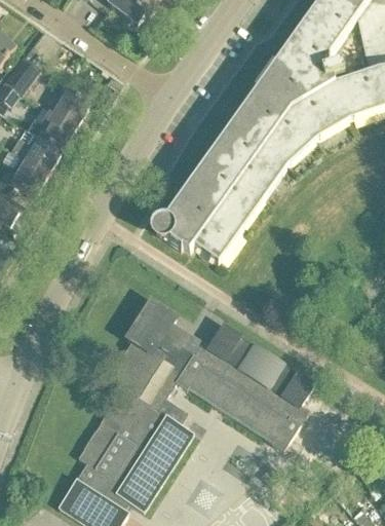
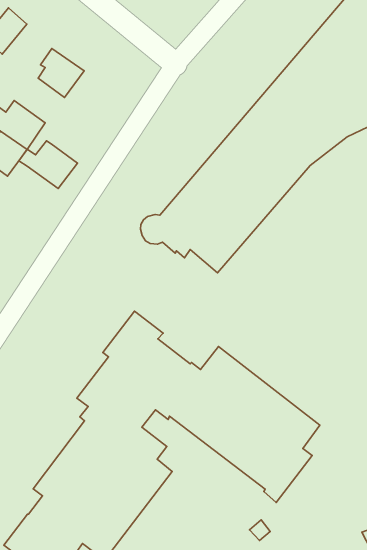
building: [26,111,75,150] -> [19,141,78,189]

